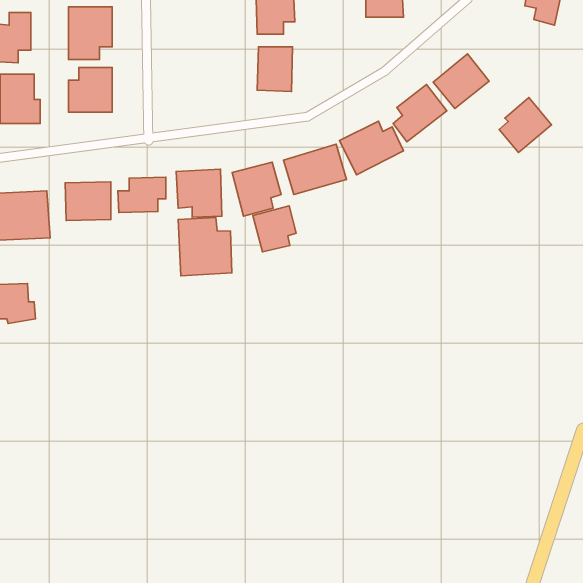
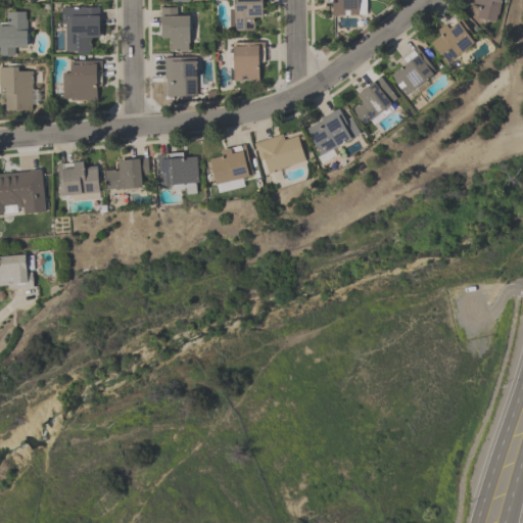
building: none -> [160,7,189,52]
building: none -> [163,57,196,96]
building: [499,97,552,152] -> [430,15,477,64]
building: [253,206,296,252] -> none
building: [178,218,232,276] -> none

